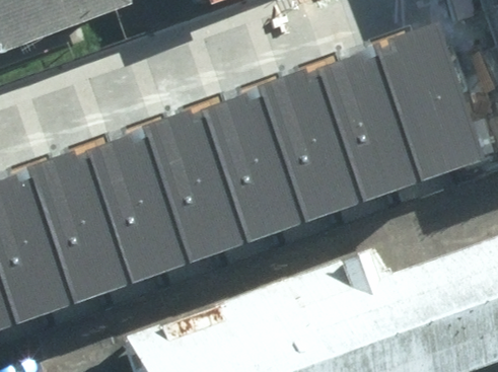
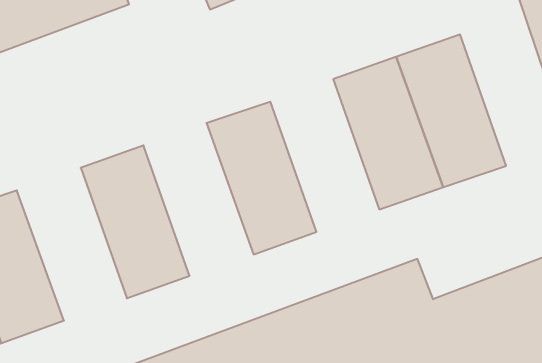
building: [248,78,347,216] -> none
building: [134,118,233,255] -> none
building: [19,158,119,296] -> none

